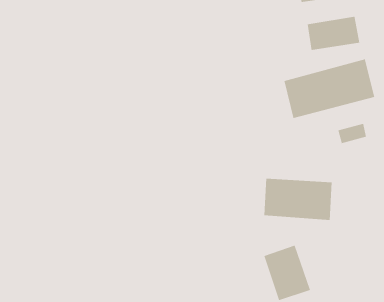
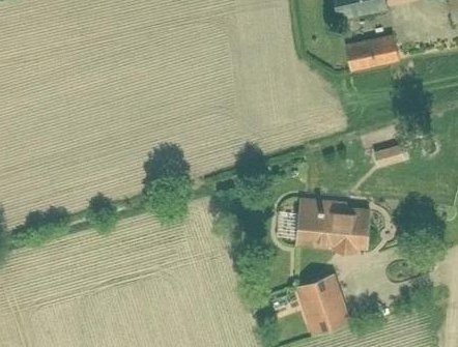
building: [284,58,375,119] -> none

